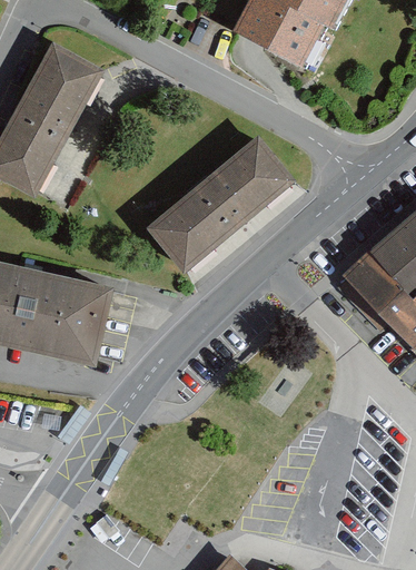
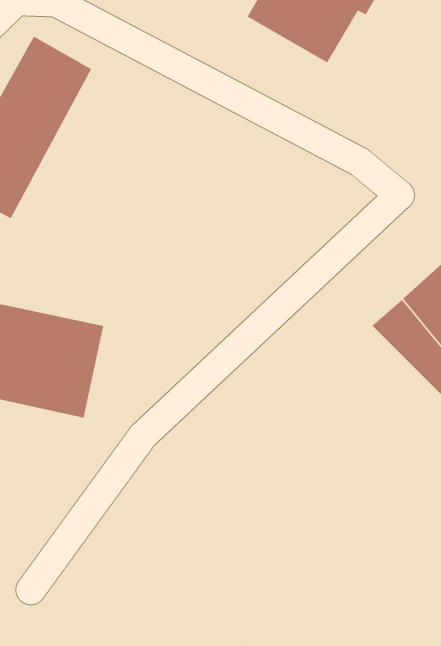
building: [149,136,294,271] -> none

